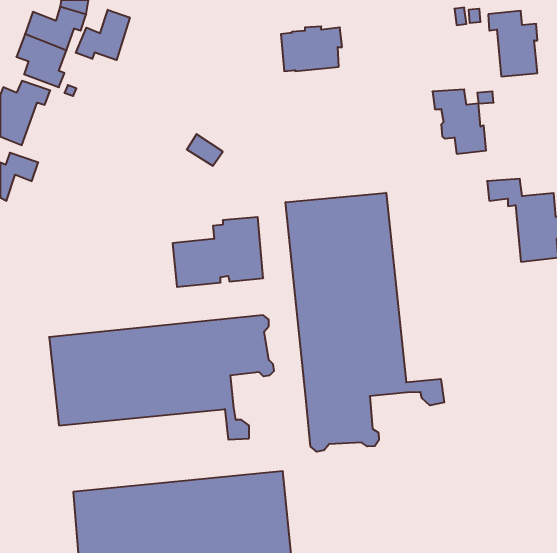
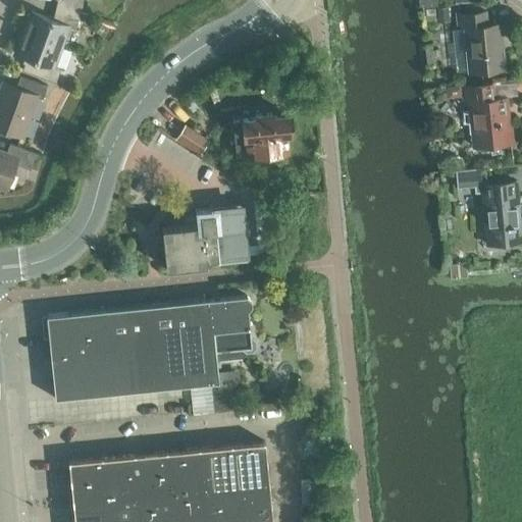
building: [76,10,130,60] -> none
building: [281,26,342,71] -> [234,117,292,159]
building: [432,89,486,154] -> [463,89,513,149]
building: [286,193,444,452] -> none

